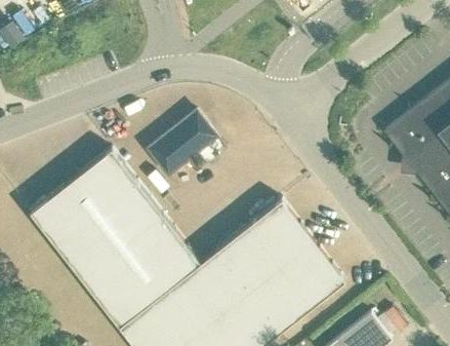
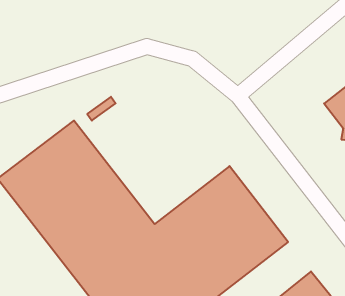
building: [148,111,217,175] -> none

